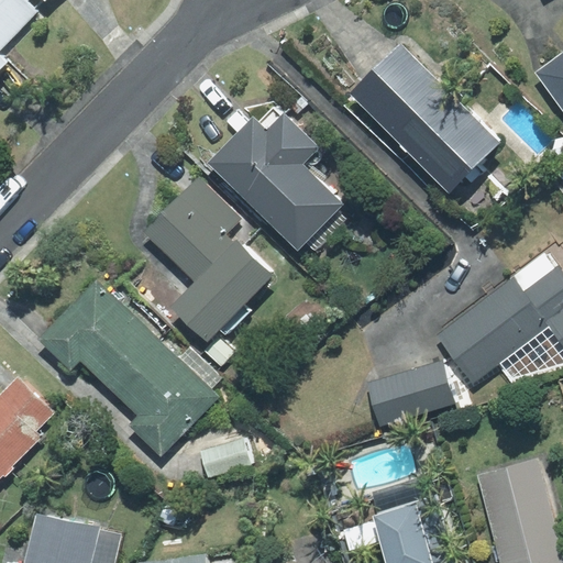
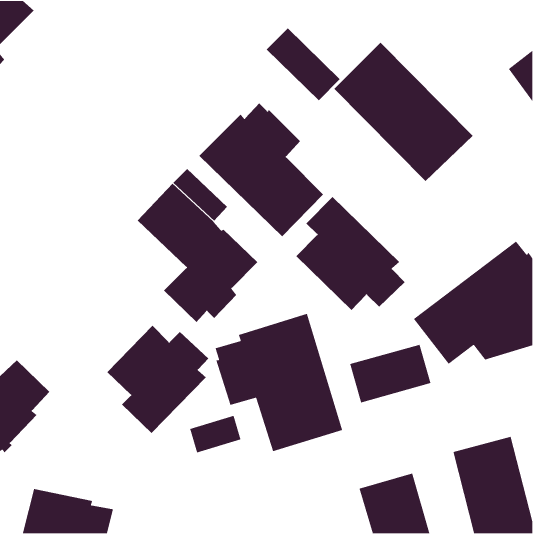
building: none -> [266,28,341,101]
building: none -> [295,196,405,311]
building: [37,279,161,391] -> none
building: none -> [214,313,343,452]

